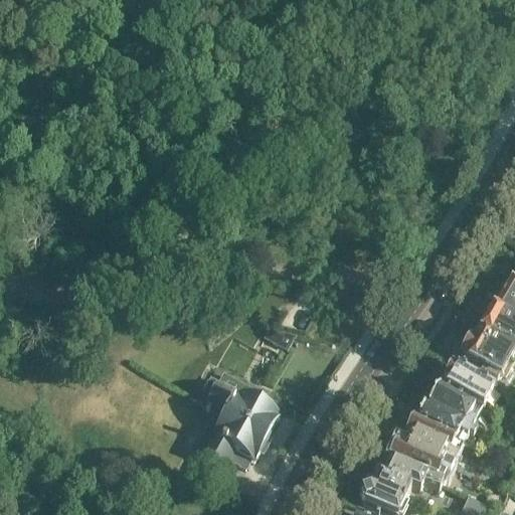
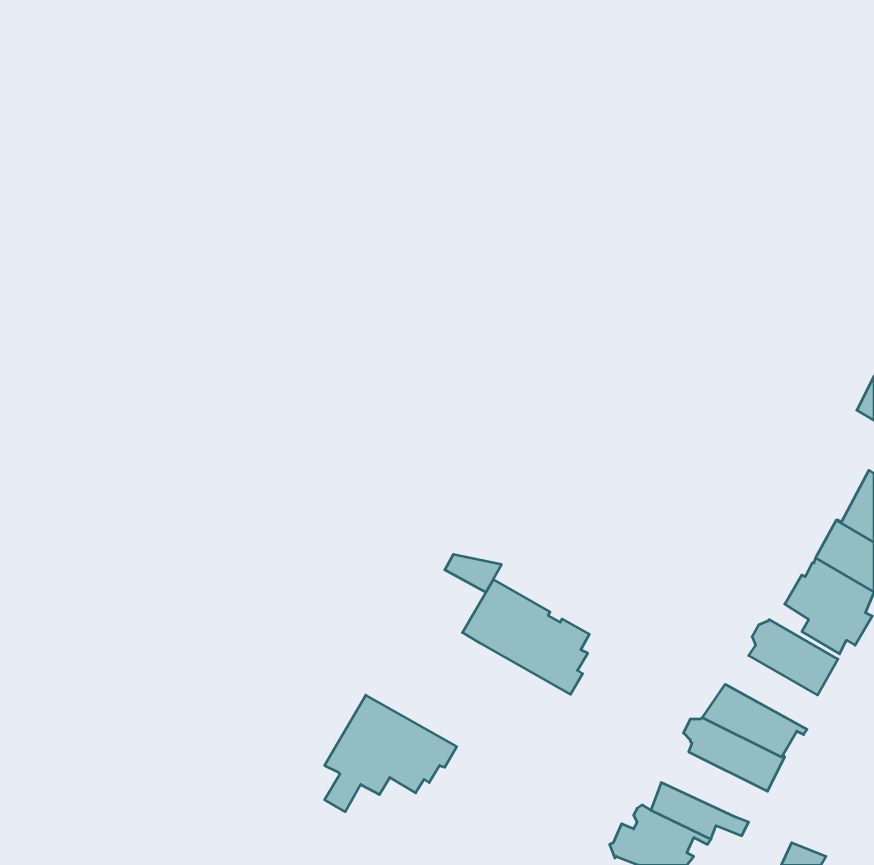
building: [204,370,279,438] -> [462,579,589,694]
building: [425,383,479,427] -> none
building: [387,441,450,479] -> none

